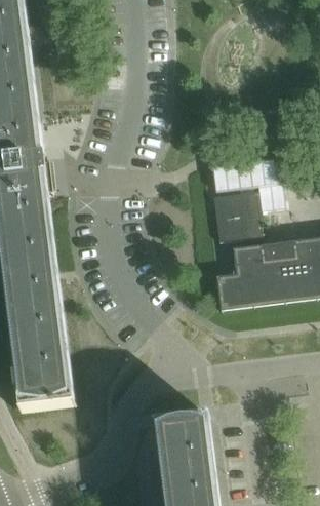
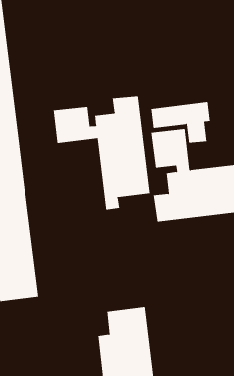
building: none -> [53,95,150,210]

